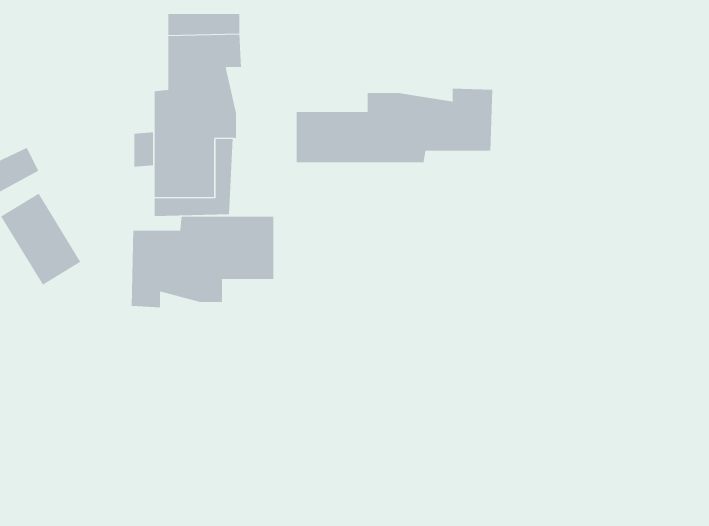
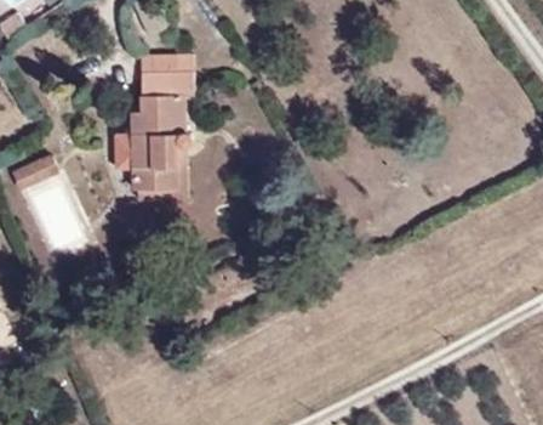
building: [296,88,493,163] -> none
building: [131,216,274,308] -> none

